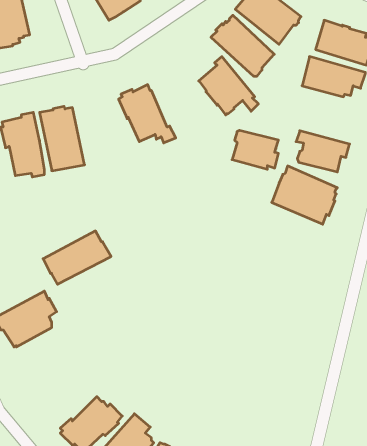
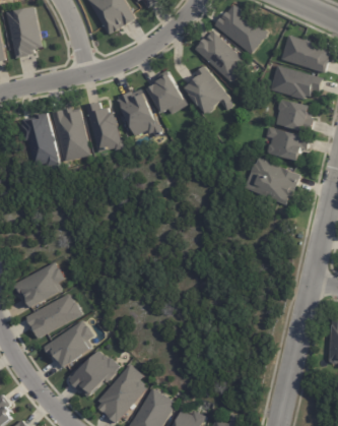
building: none -> [146,69,188,114]
building: none -> [84,102,123,153]
building: [232,130,278,169] -> [275,100,314,132]
building: [43,231,111,284] -> [25,293,82,338]
building: none -> [44,320,94,368]

